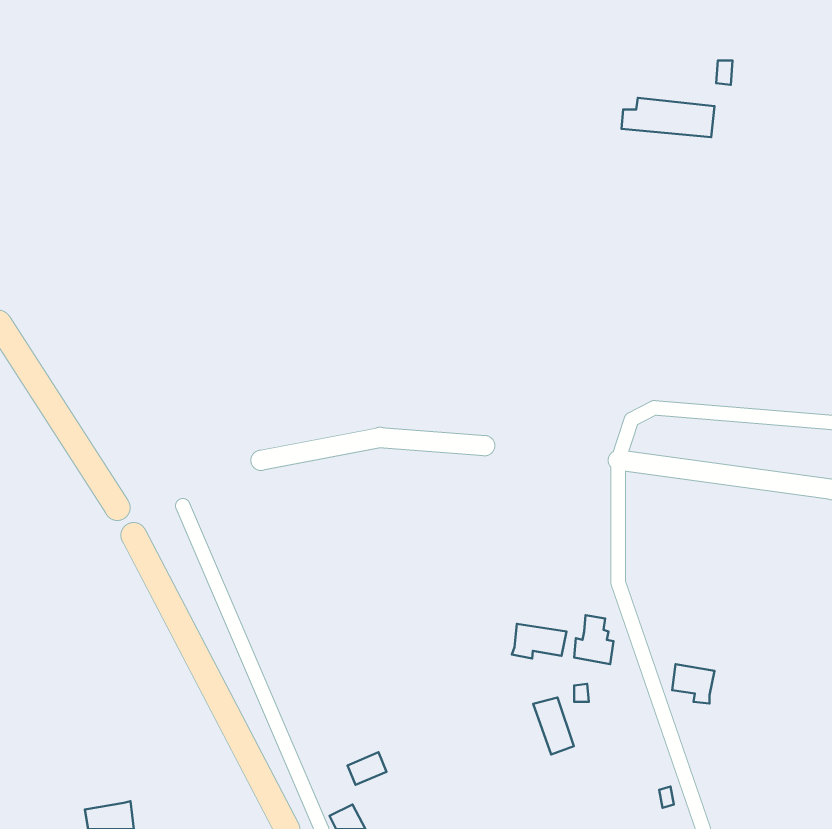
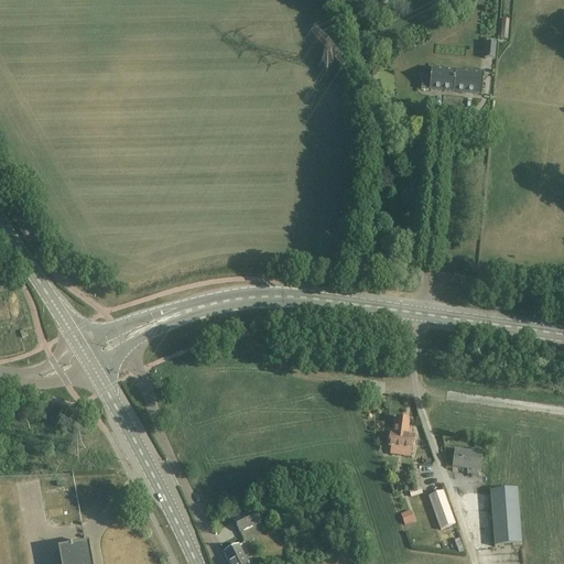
building: [512,624,566,659] -> none
building: [533,697,574,754] -> [429,491,456,530]
building: none -> [489,490,519,545]

